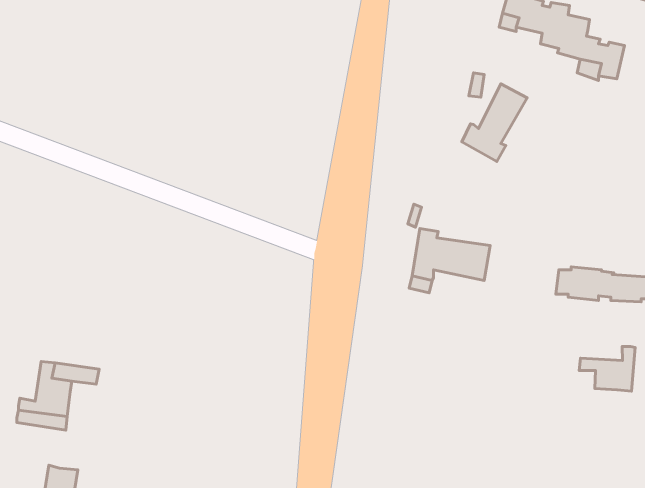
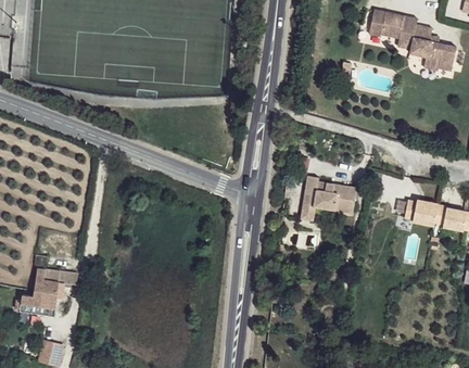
building: [462,84,527,161] -> none
building: [579,347,635,391] -> none

